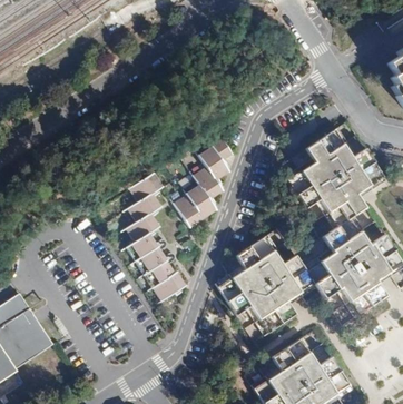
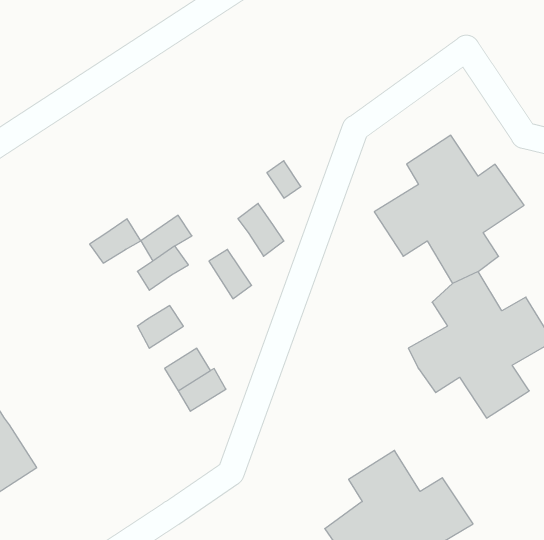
building: [197,150,228,185] -> none
building: [184,189,215,224] -> none
building: [124,217,157,246] -> [90,219,141,263]
building: [216,230,309,329] -> none
building: [134,250,165,278] -> none

